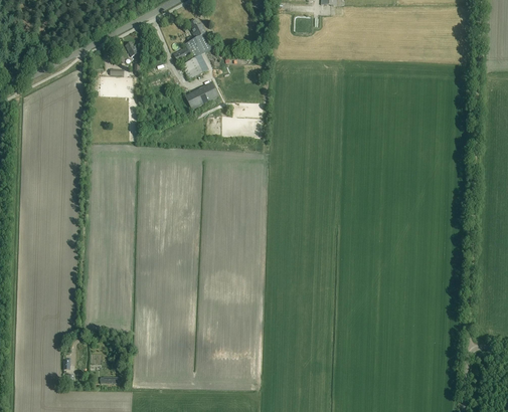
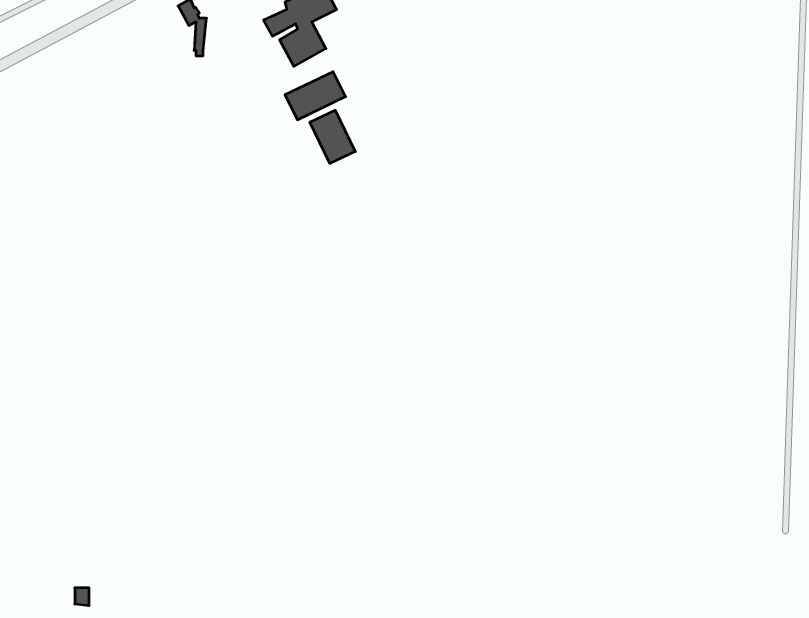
building: none -> [310,110,355,163]

